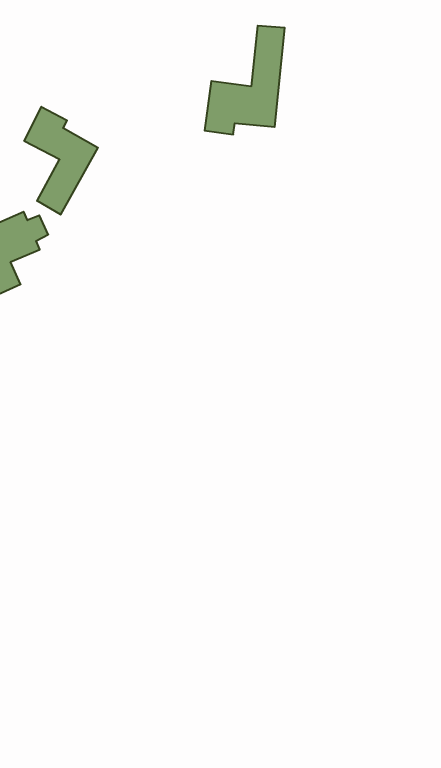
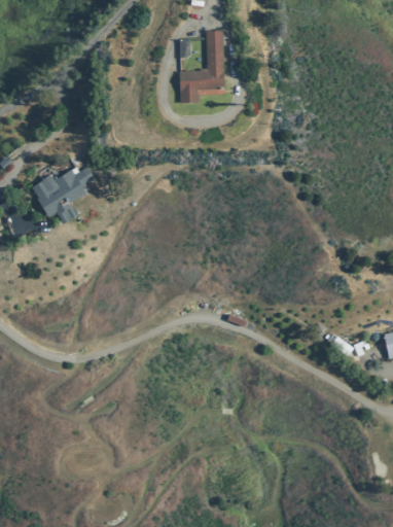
building: [24,107,98,215] -> none

